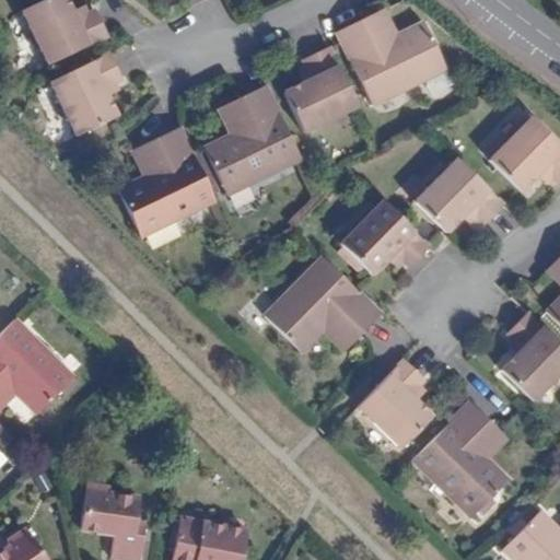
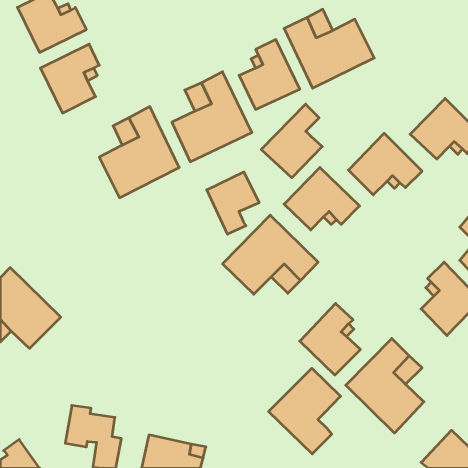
building: none -> [261,104,322,178]
building: none -> [207,172,259,234]
building: none -> [269,368,341,454]

